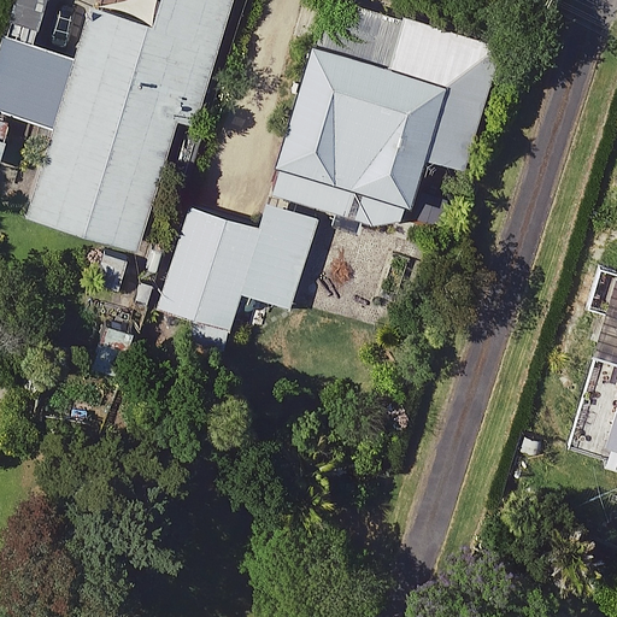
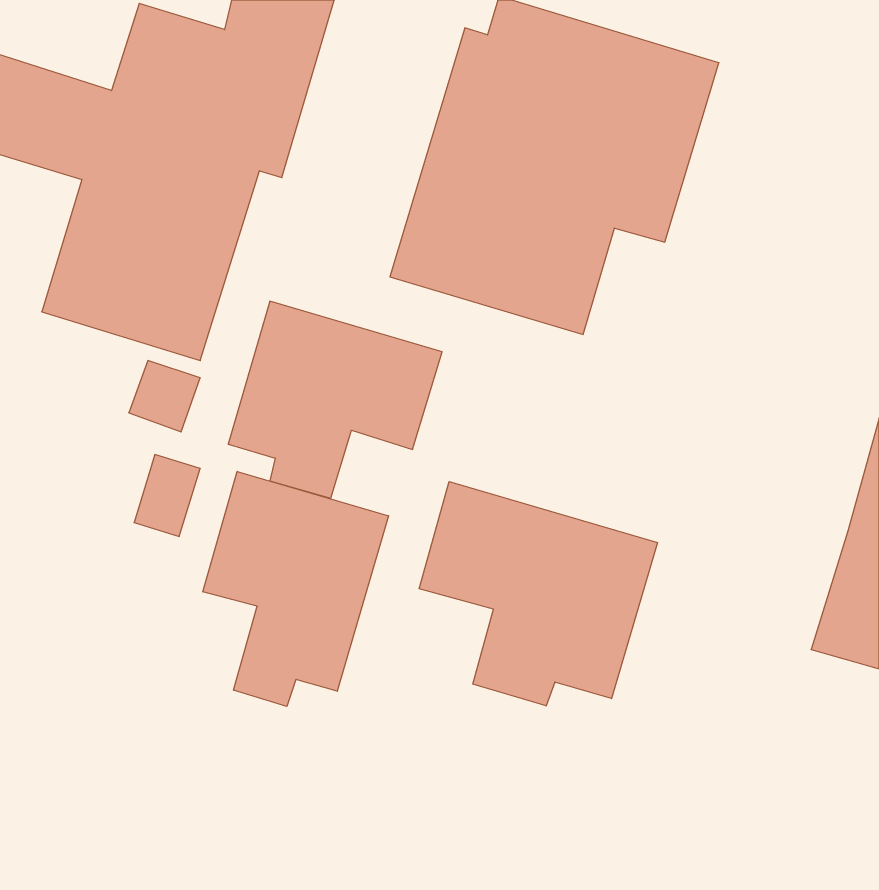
building: none -> [203,471,389,706]
building: none -> [419,482,657,706]

